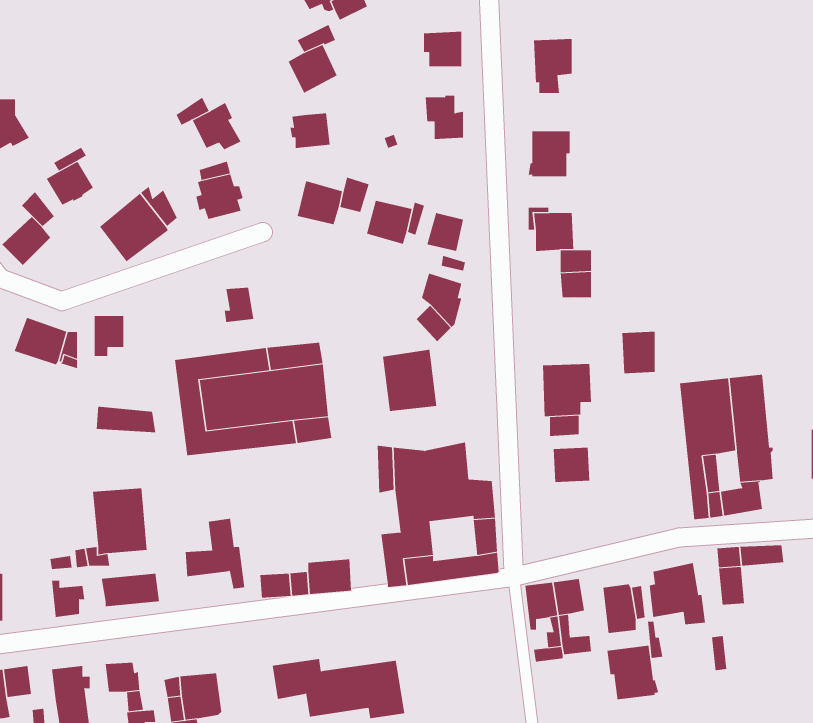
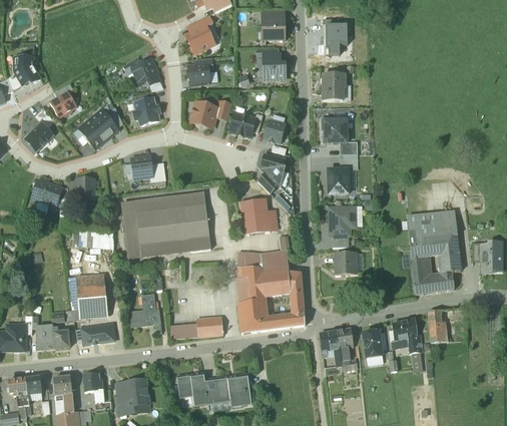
building: none -> [131,156,152,179]
building: [622,331,655,374] -> [328,168,347,192]
building: none -> [36,326,54,349]
building: [607,645,659,700] -> none

